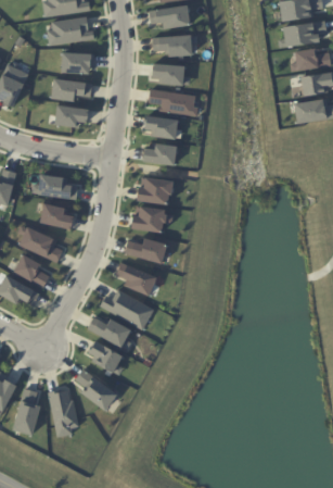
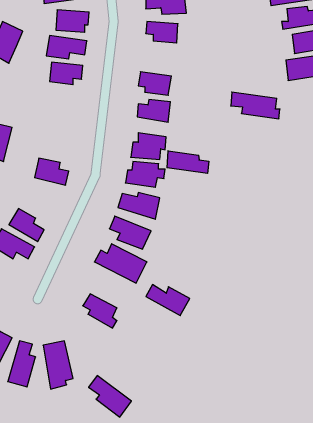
building: [149,89,198,116] -> [231,92,280,119]
building: [37,175,78,200] -> none
building: none -> [167,151,209,173]
building: [18,226,62,263] -> none
building: [87,316,131,348] -> [146,285,190,316]
building: [74,368,117,411] -> [89,376,131,417]

